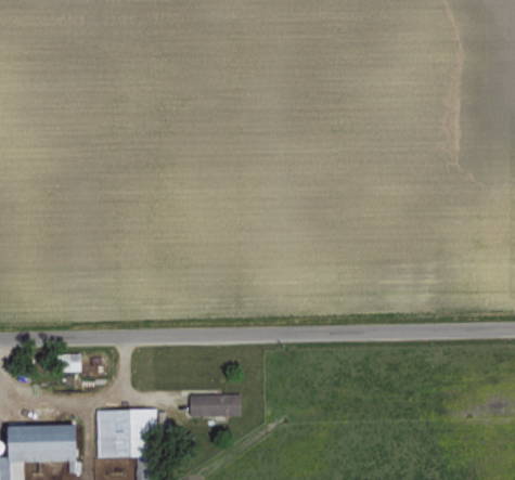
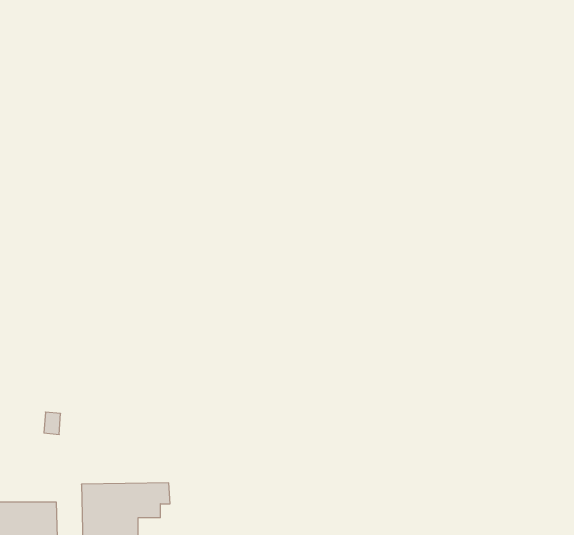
building: [188,394,242,417] -> none

